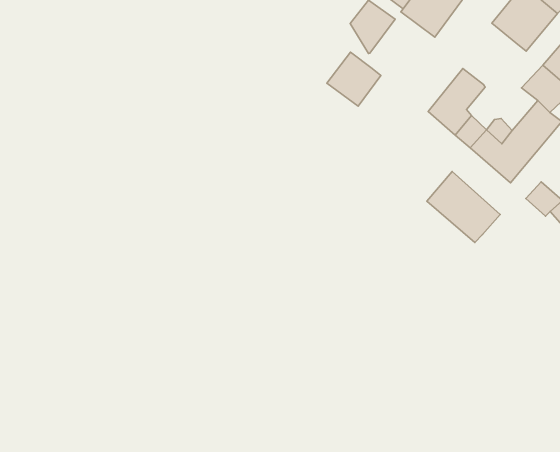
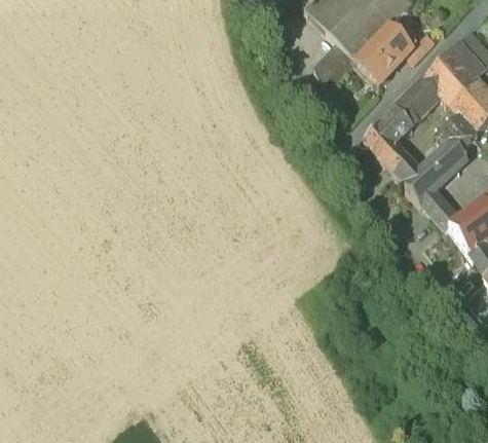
building: none -> [395,78,440,124]
building: [327,52,381,106] -> none
building: [427,172,500,243] -> none

